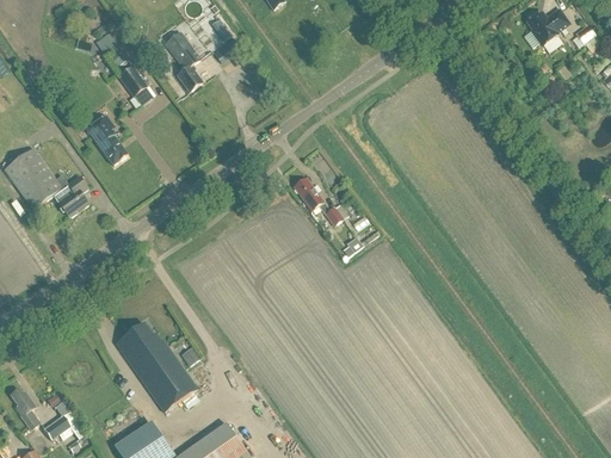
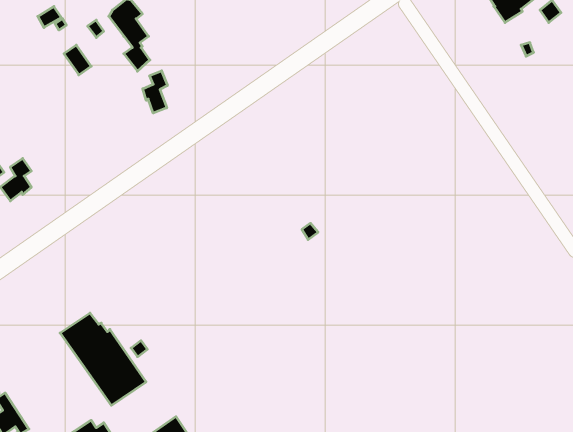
building: none -> [143,71,167,113]
building: [86,114,126,163] -> none
building: [292,177,342,224] -> none

